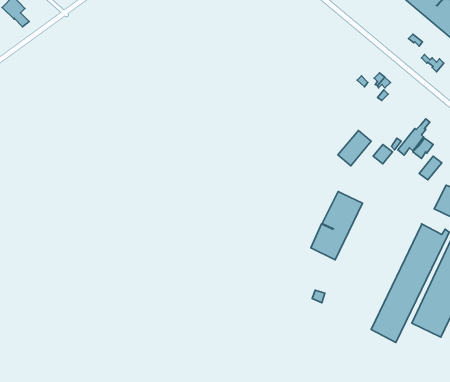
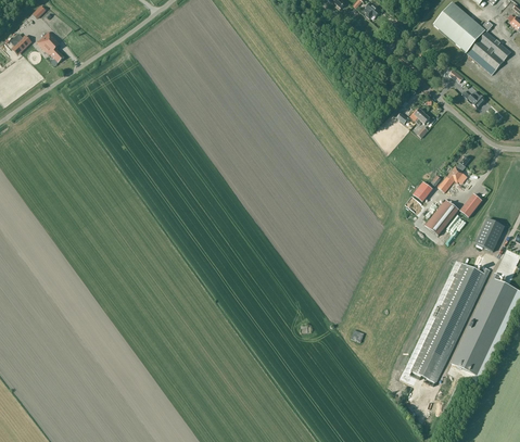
building: [338,130,371,166] -> [423,199,457,235]
building: [311,191,363,260] -> none

